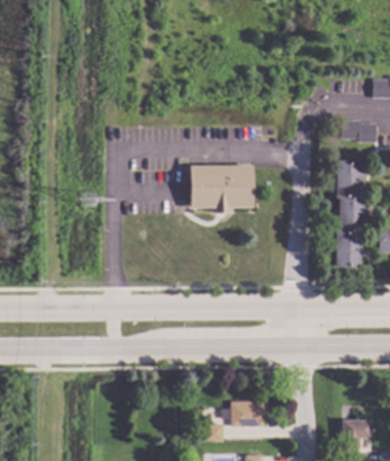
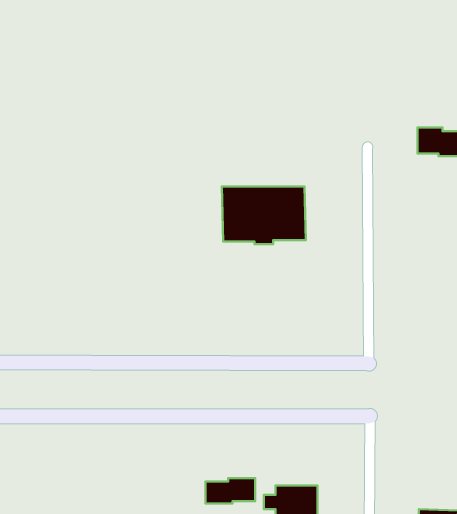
building: [337,160,365,268] -> none
building: none -> [206,478,255,503]

